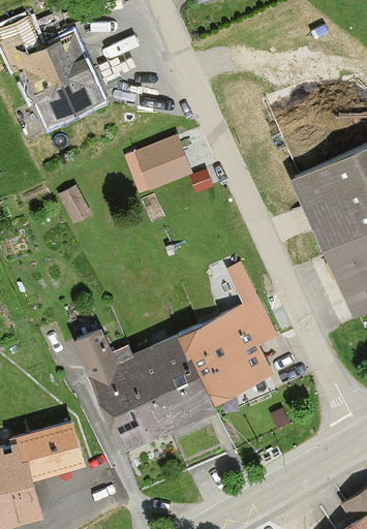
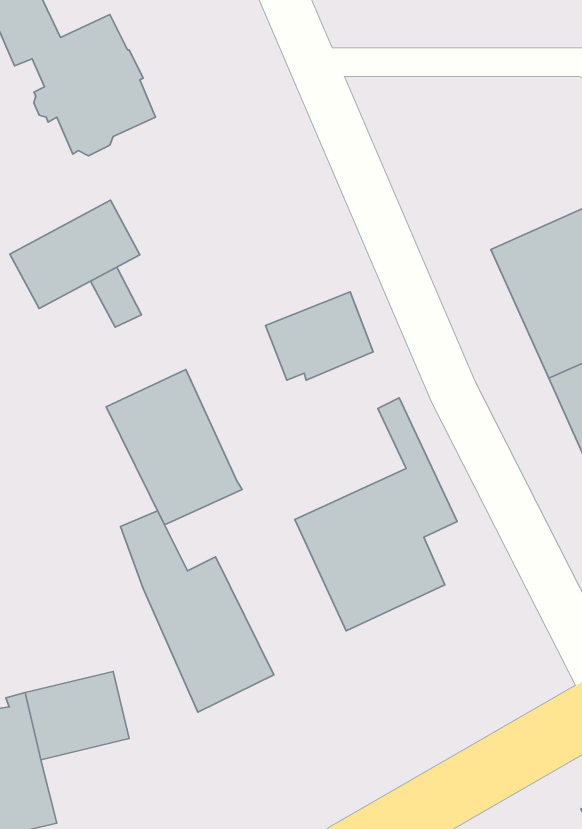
building: [126,136,189,188] -> [266,292,373,380]
building: none -> [10,200,140,309]
building: [133,335,213,426] -> [106,370,242,525]

